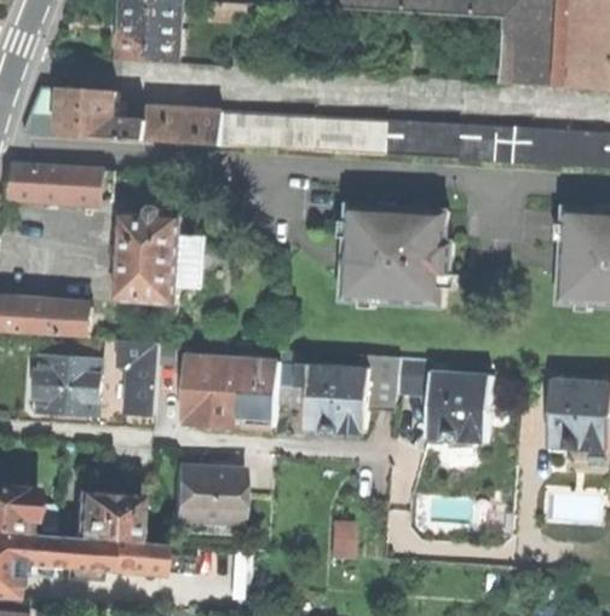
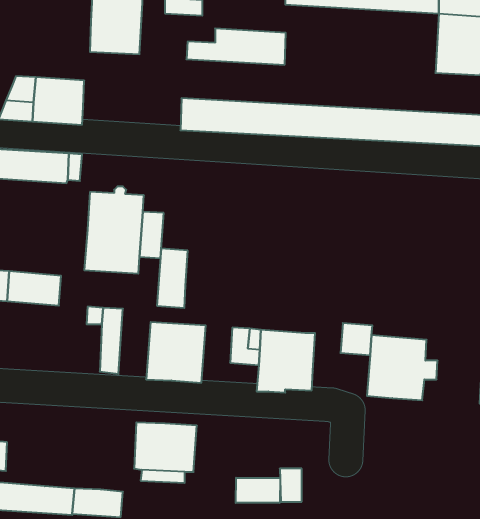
building: [113,105,221,145] -> [186,28,286,65]
building: [343,206,453,305] -> none
building: [357,355,398,411] -> none
building: [36,356,99,414] -> none
building: [243,359,277,425] -> [157,248,188,308]
building: [71,490,137,540] -> none
building: none -> [236,478,280,503]

